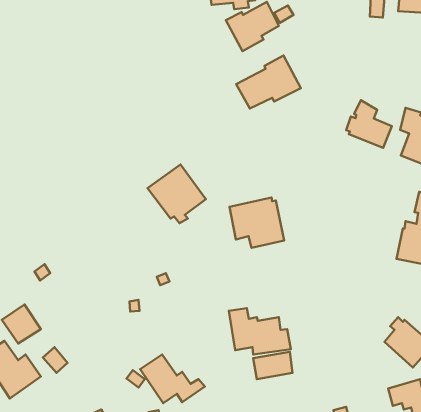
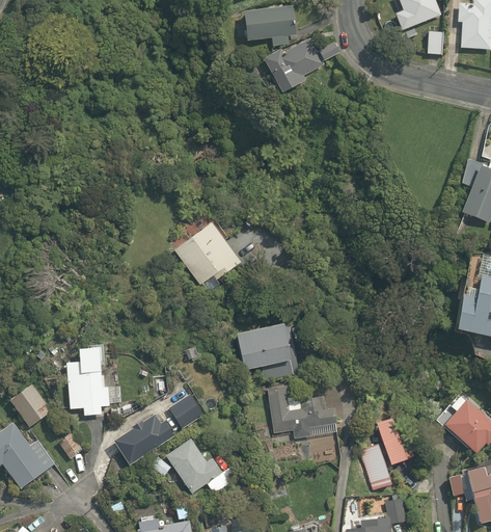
building: [236,56,301,109] -> none
building: [346,100,392,148] -> none
building: [229,198,284,248] -> [237,323,299,380]
building: none -> [64,346,120,415]
building: none -> [169,394,203,429]
building: none -> [114,414,175,466]
building: none -> [358,417,414,490]

